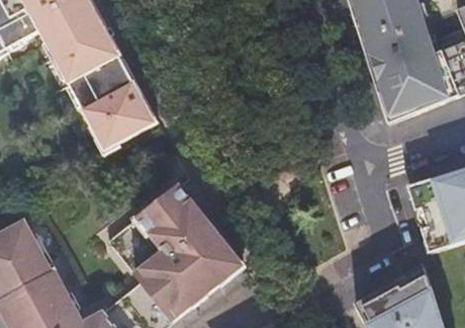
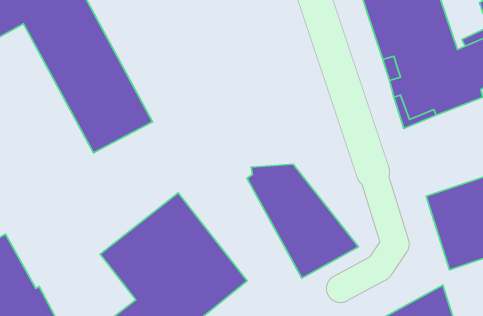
building: none -> [247,164,359,278]

